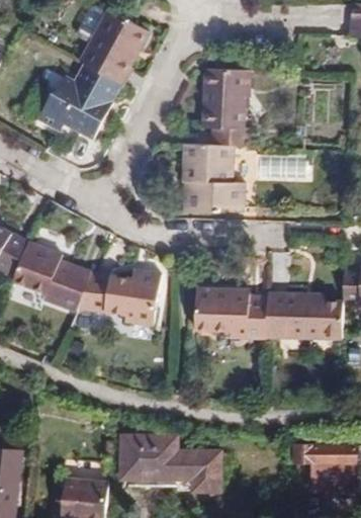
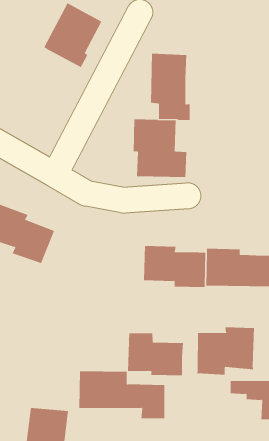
building: [40,64,123,139] -> none
building: [79,271,162,326] -> none
building: none -> [197,326,254,375]
building: none -> [127,332,183,376]

